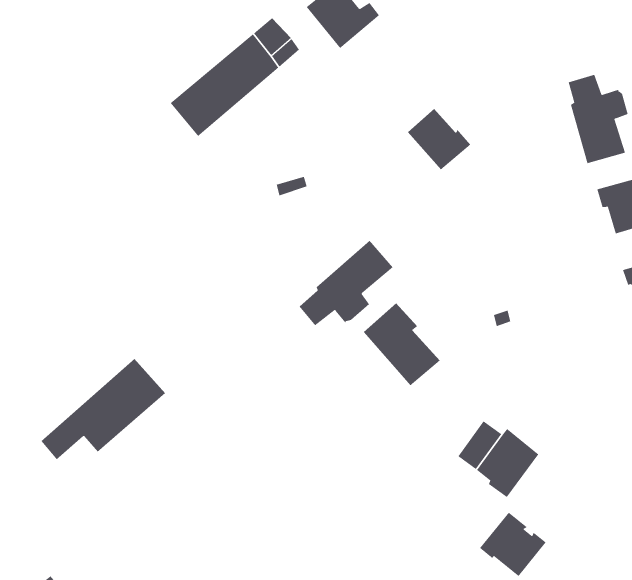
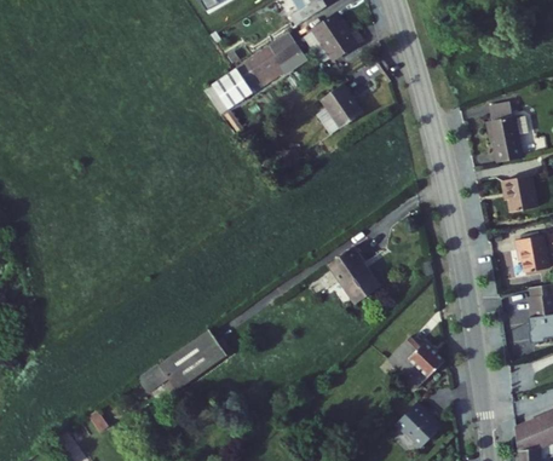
building: [407,108,471,170] -> [319,87,363,131]
building: [299,240,394,326] -> none
building: [41,358,166,460] -> [136,328,226,393]

